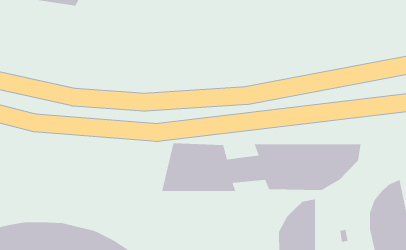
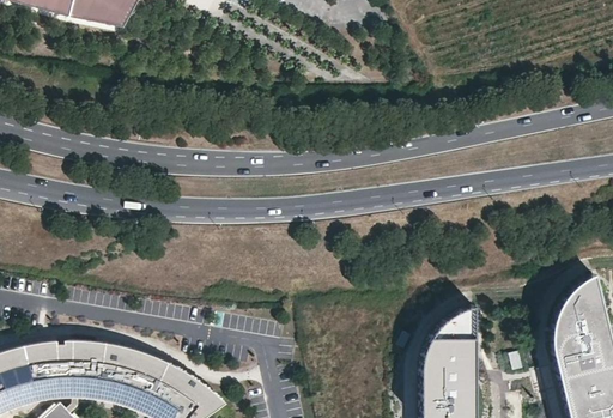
building: [161,142,361,192] -> none

